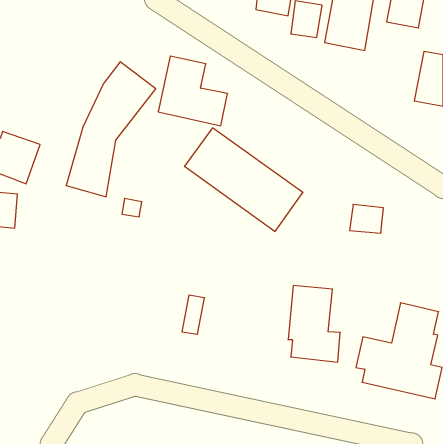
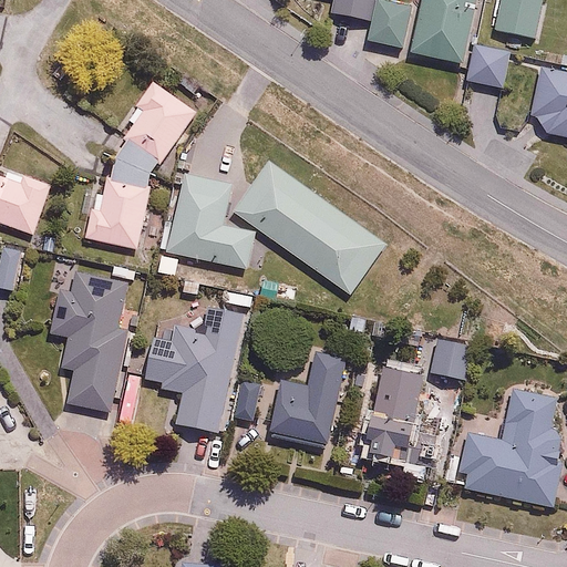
building: none -> [467,43,509,89]
building: [158,56,228,126] -> [166,179,255,268]
building: [350,204,383,233] -> [426,337,470,373]
building: none -> [48,271,127,411]
building: none -> [143,308,243,435]
building: none -> [269,352,347,453]

